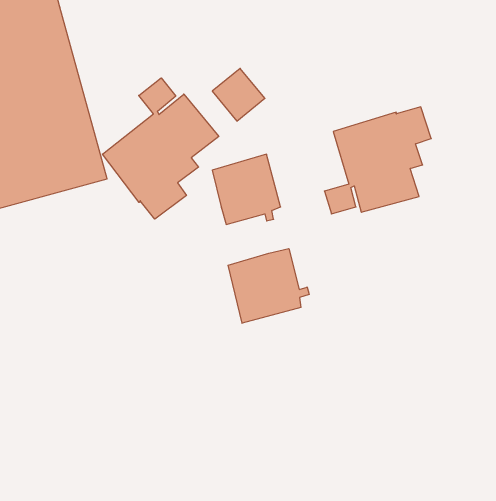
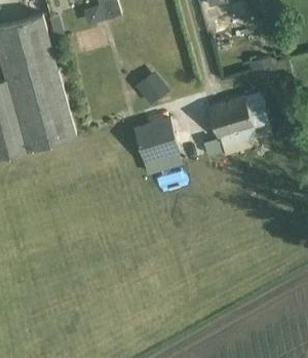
building: [102,78,219,219] -> none
building: [228,249,309,323] -> none

